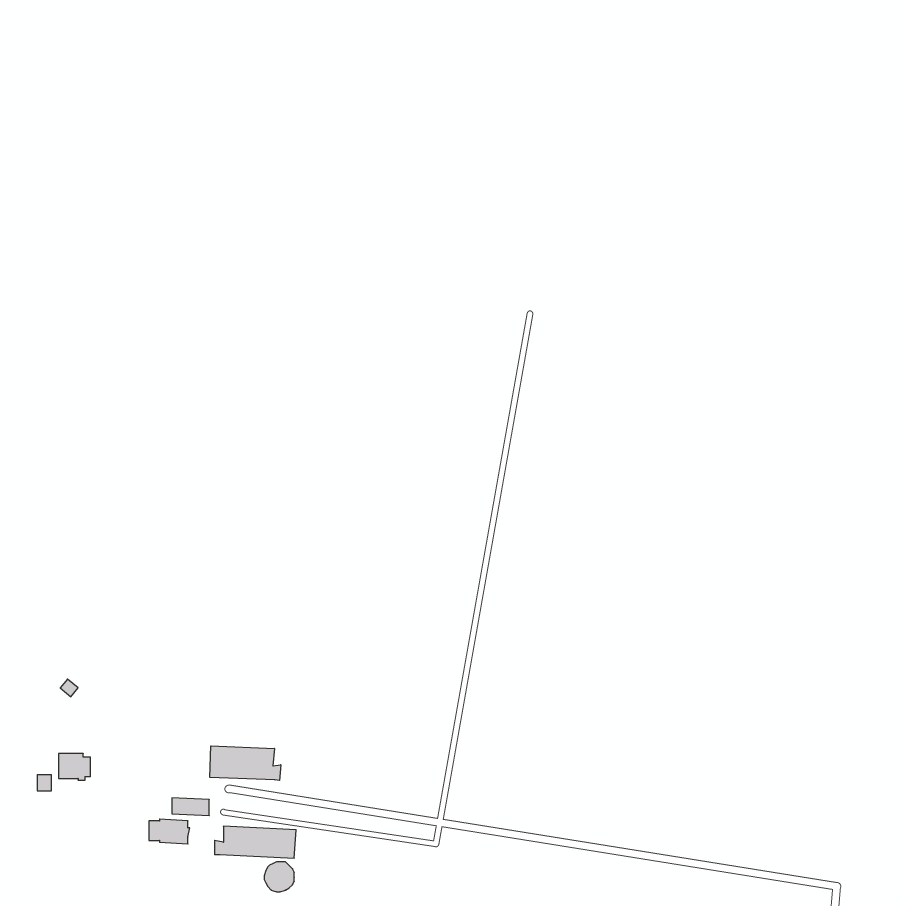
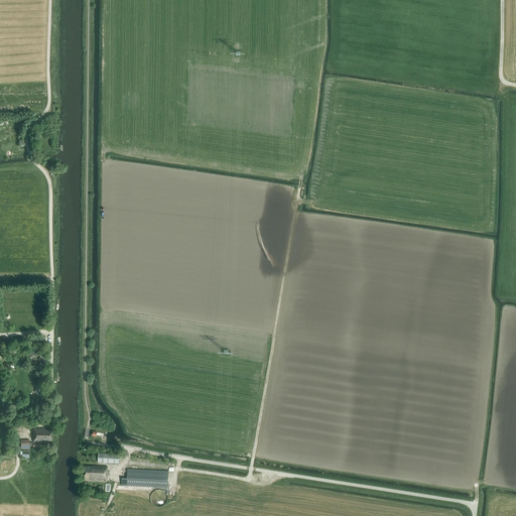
building: [210,746,281,780] -> none

